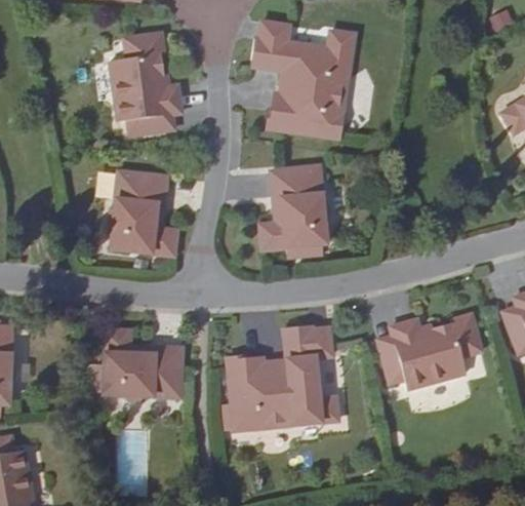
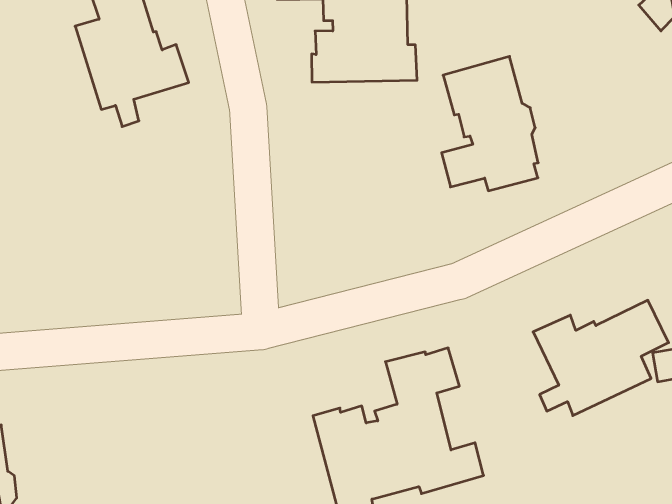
building: [259,166,327,257] -> [442,56,538,191]
building: [108,171,175,256] -> none
building: [103,329,181,399] -> none

